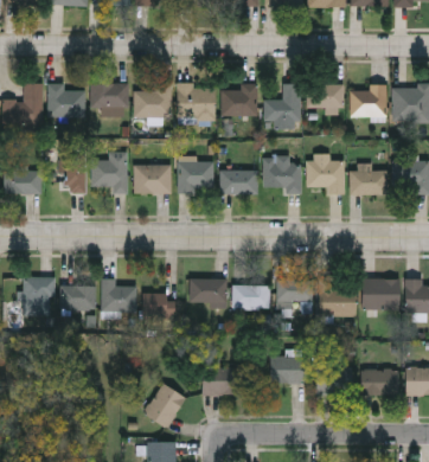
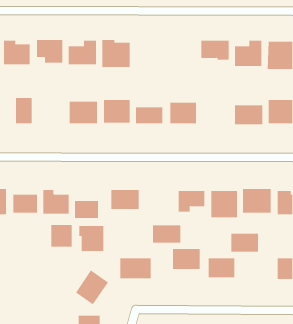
building: [220,84,257,117] -> none
building: [263,84,300,126] -> none
building: [91,152,127,193] -> none
building: [307,156,344,193] -> none
building: [231,284,269,308] -> [152,225,181,243]
building: none -> [51,224,72,247]
building: none -> [79,225,104,252]
building: [360,370,397,394] -> [231,233,259,252]

